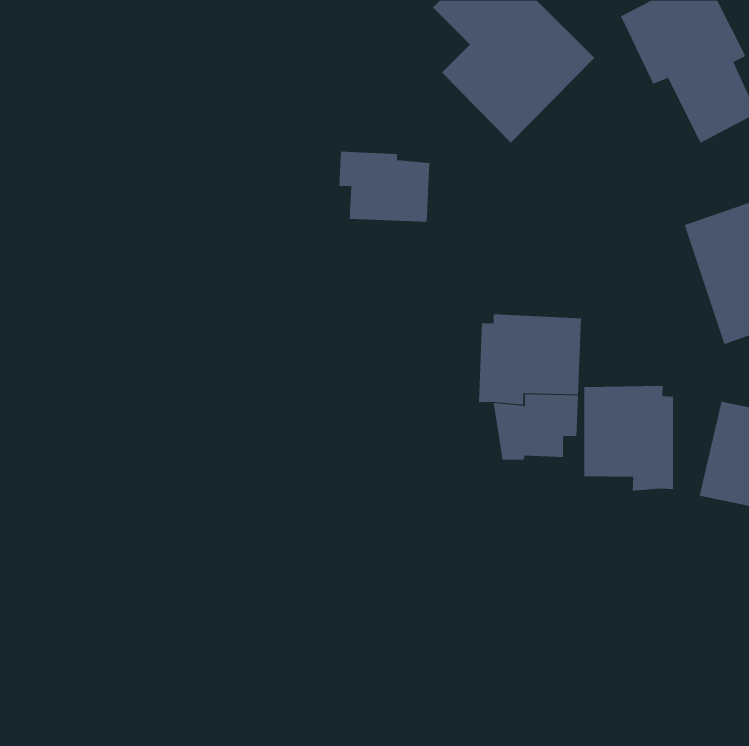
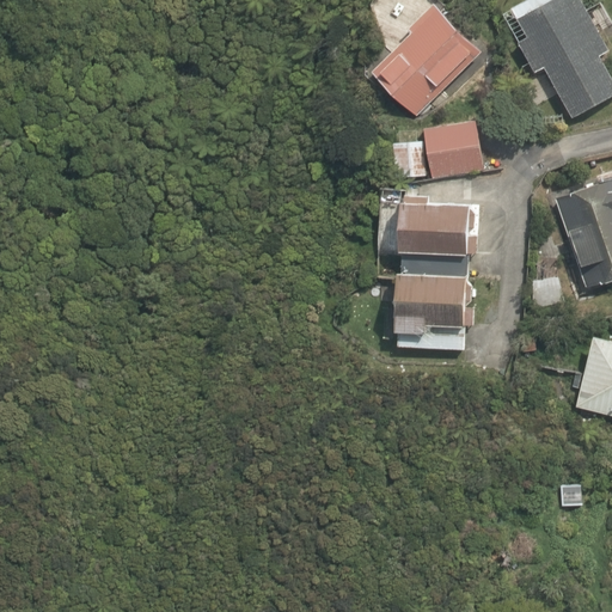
building: none -> [421,117,486,184]
building: [339,151,430,222] -> [388,190,463,247]
building: [584,385,673,491] -> none

